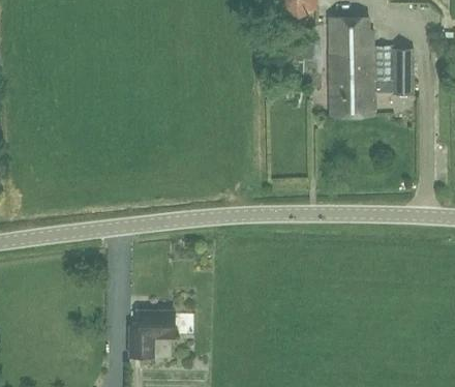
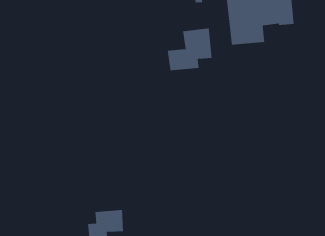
building: none -> [167,28,212,71]

